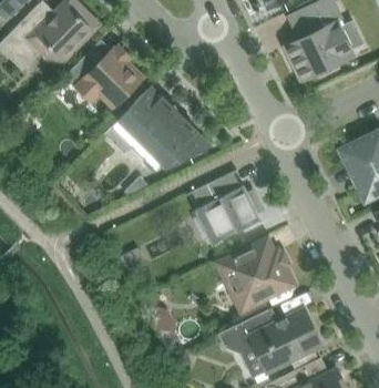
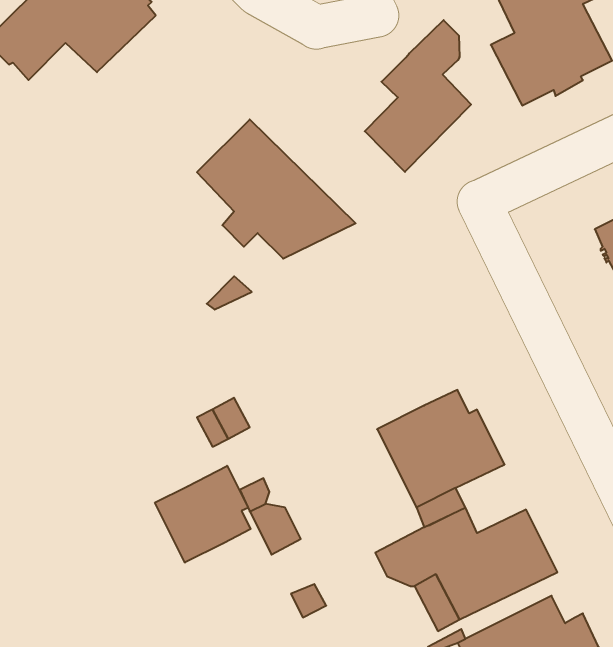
building: none -> [365,20,471,172]
building: [65,47,144,106] -> none
building: [187,169,262,243] -> none
building: none -> [155,466,251,563]

